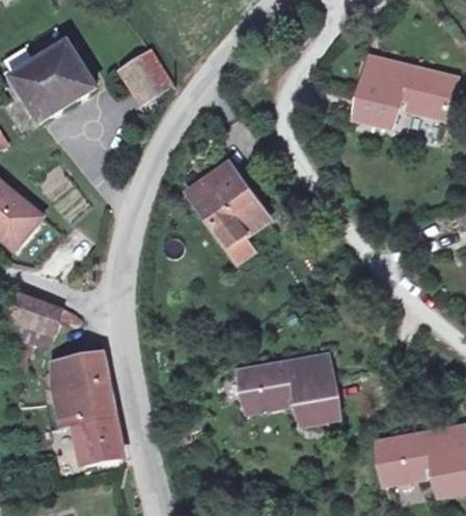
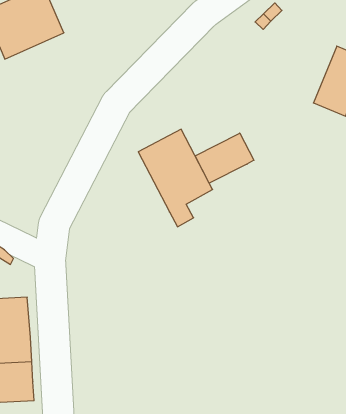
building: [119,49,172,103] -> none
building: none -> [195,133,254,183]
building: [242,354,337,422] -> none

